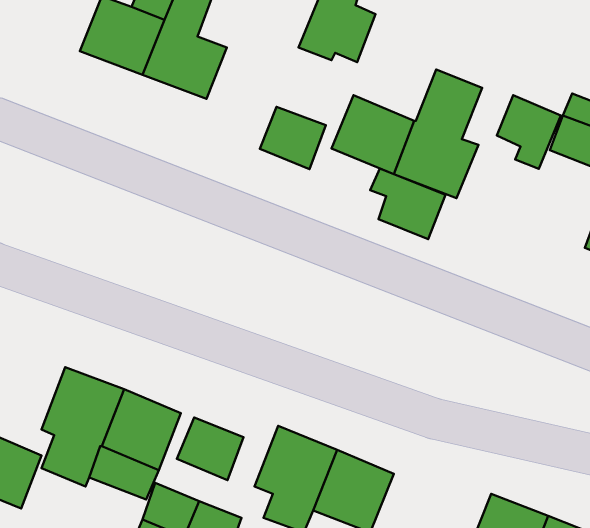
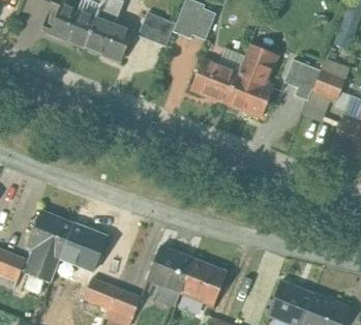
building: [260,107,326,169] -> [138,12,175,48]
building: [370,169,445,239] -> none
building: [177,417,244,480] -> none

